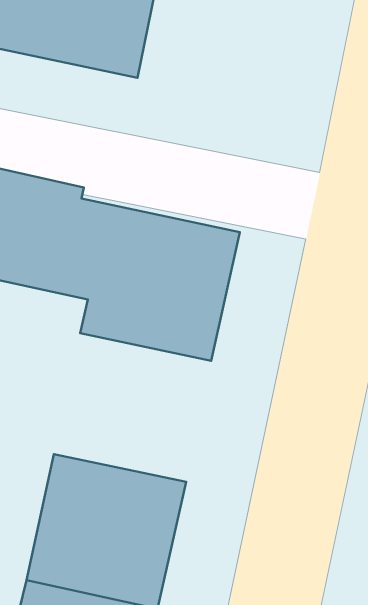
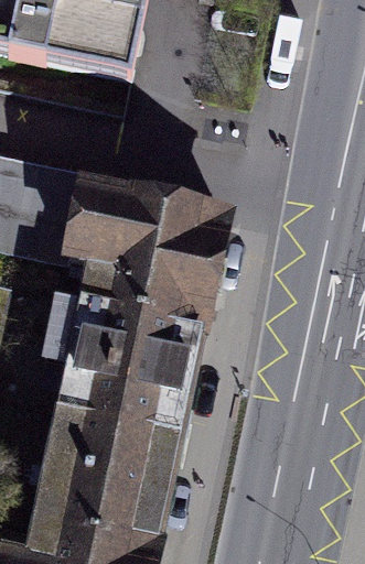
building: none -> [58,301,197,432]

